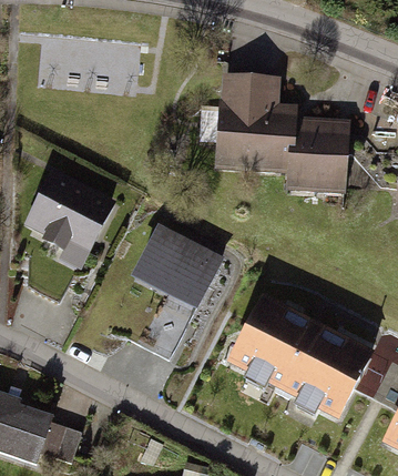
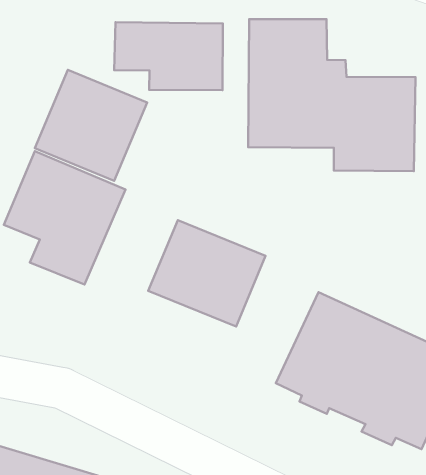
building: none -> [114,22,223,90]
building: none -> [35,70,147,181]

